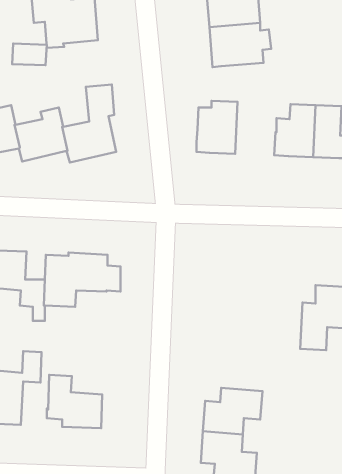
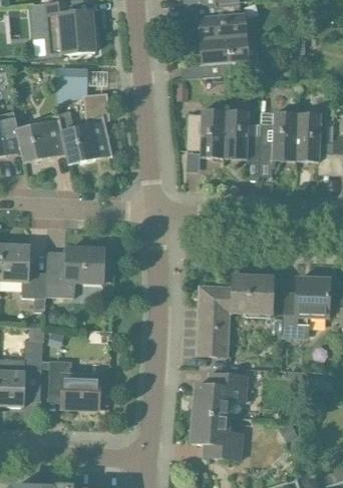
building: [12,44,47,65] -> [57,66,89,86]
building: none -> [223,108,260,157]
building: none -> [198,276,273,356]

